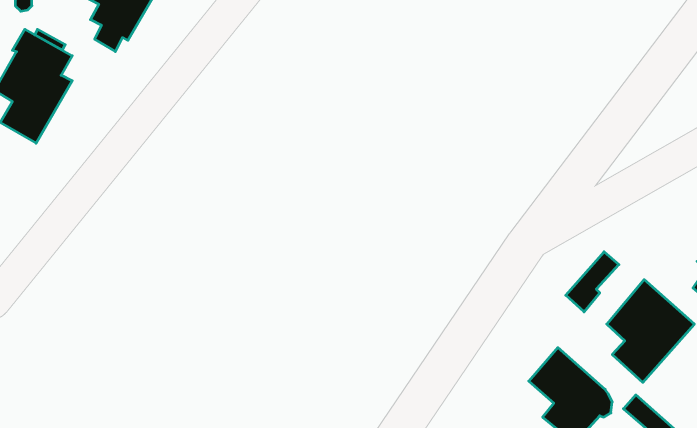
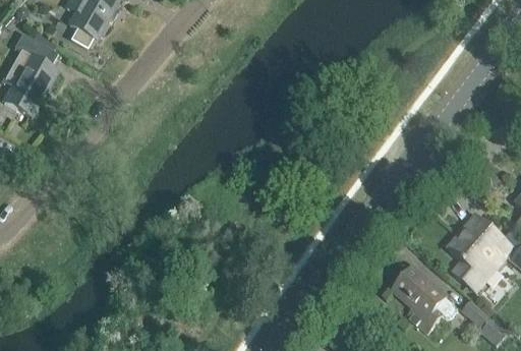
building: [566,252,619,312] -> none

